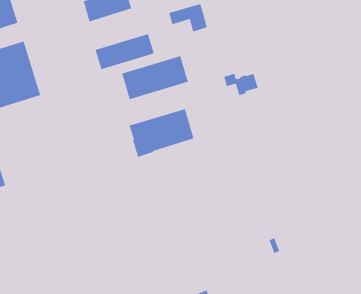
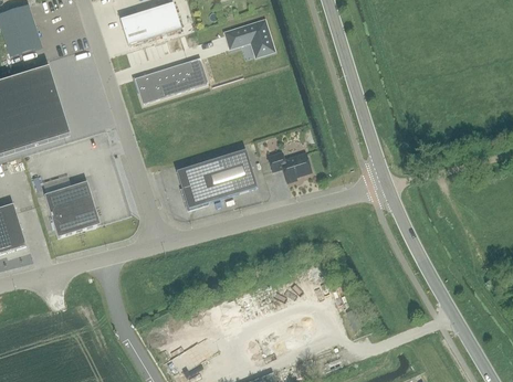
building: [121,55,189,100] -> none
building: [223,73,259,96] -> [266,151,311,180]
building: none -> [43,180,100,235]

